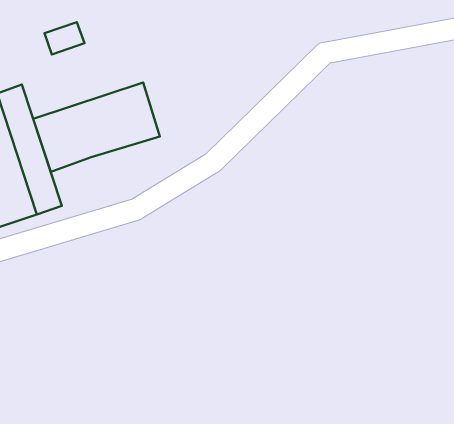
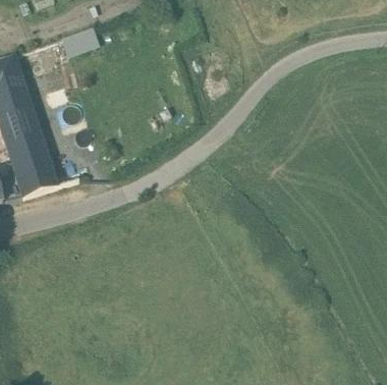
building: [33,83,160,172] -> none

